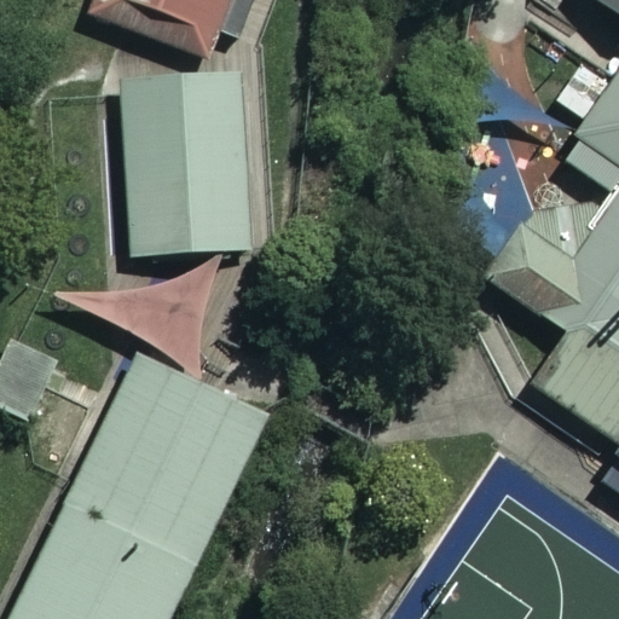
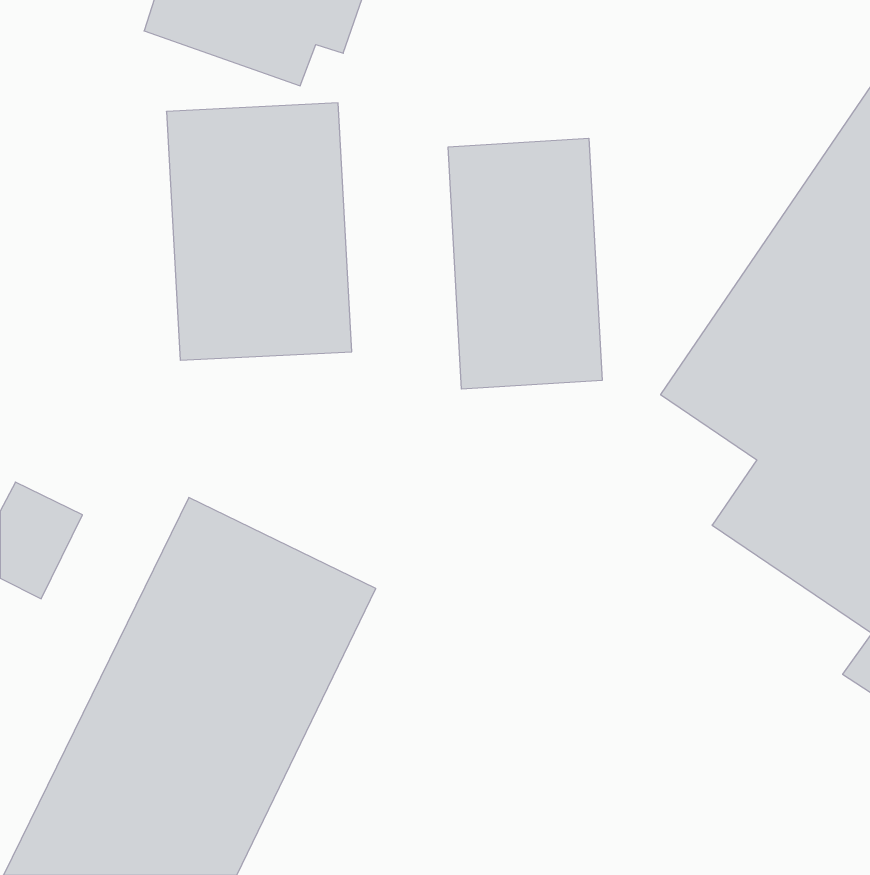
building: none -> [448,138,602,389]

